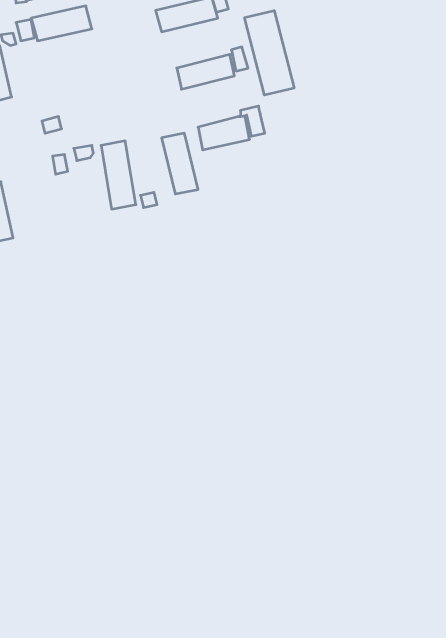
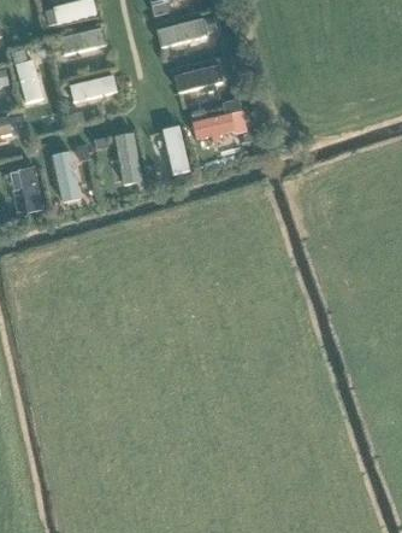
building: [245,11,294,95] -> none
building: none -> [67,72,117,102]
building: none -> [49,150,81,204]

